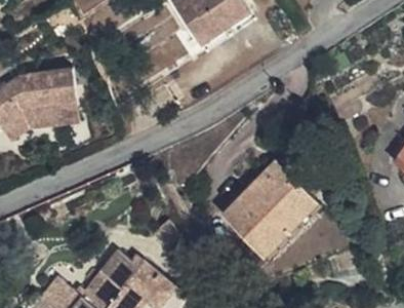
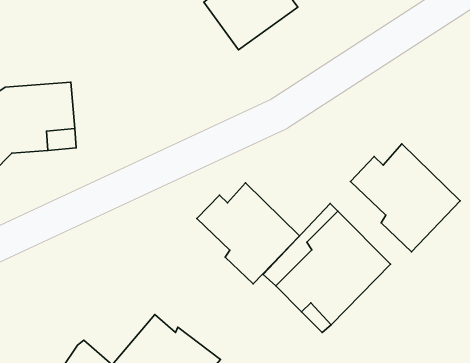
building: none -> [350,144,460,252]
building: none -> [197,183,299,284]

